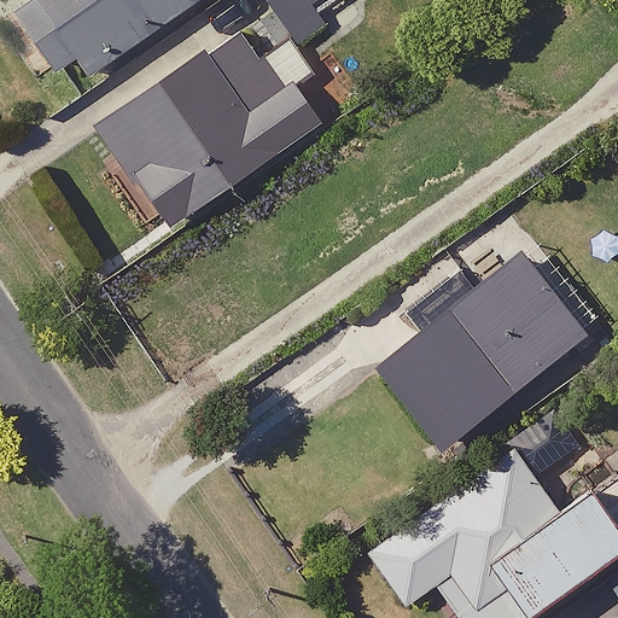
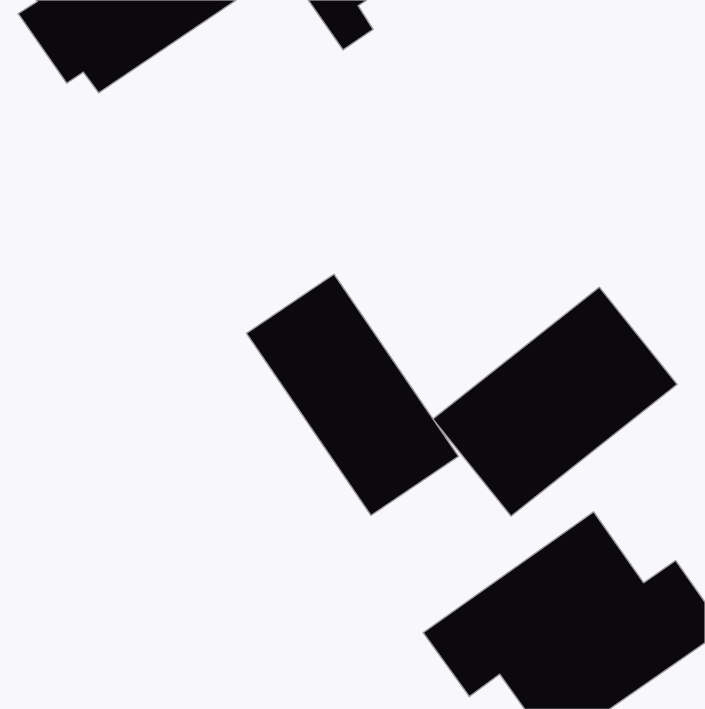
building: [91,46,323,229] -> none
building: none -> [247,274,458,515]

